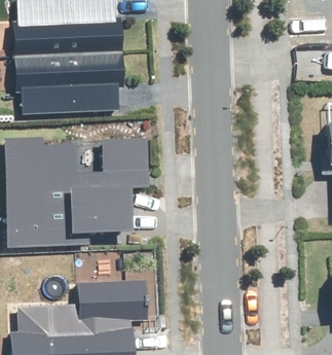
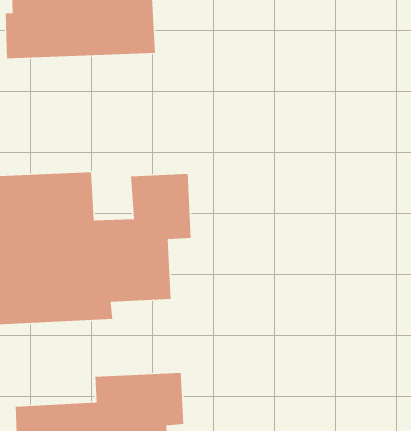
building: [14,52,123,114] -> none

